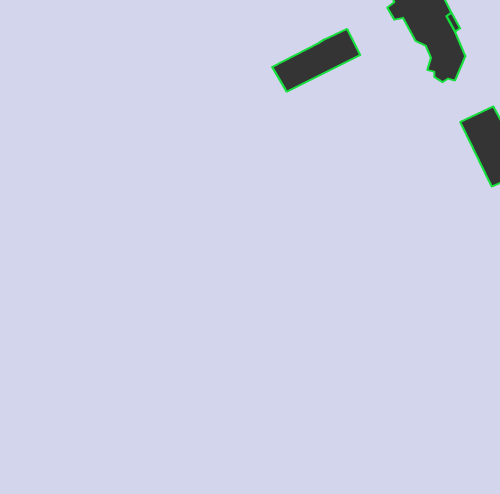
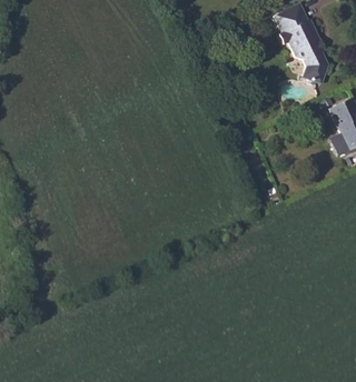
building: [272,29,360,92] -> none

